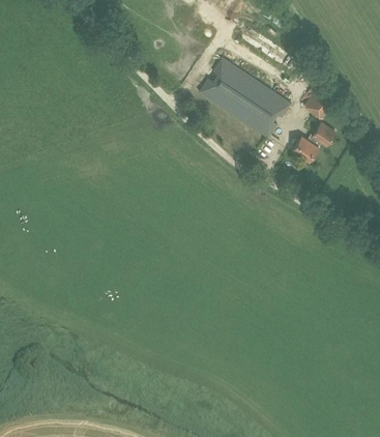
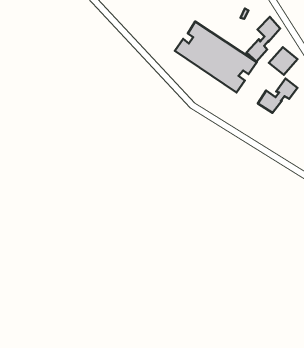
building: none -> [246,17,280,62]

